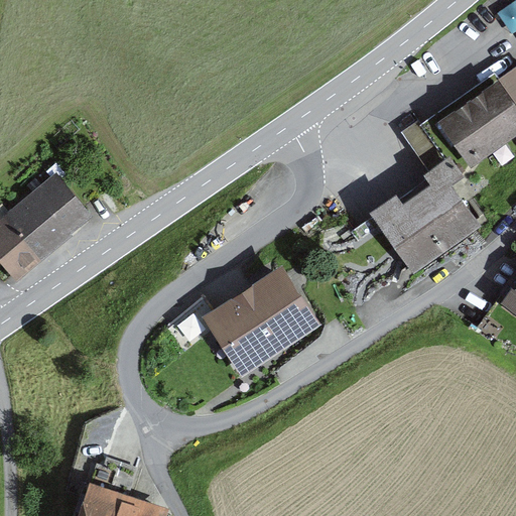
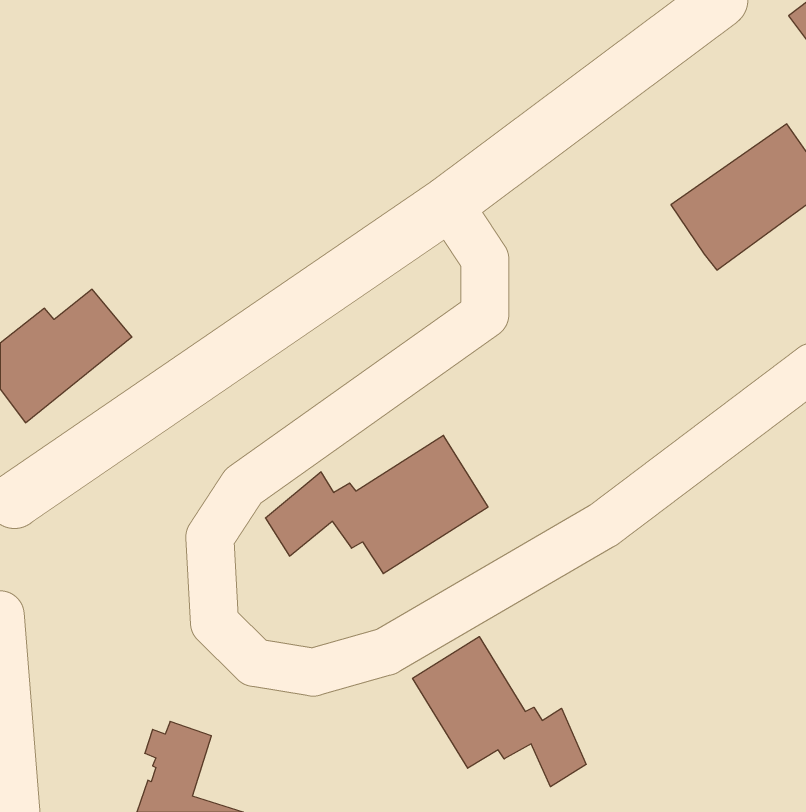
building: [381,161,473,262] -> none
building: none -> [413,637,586,787]

